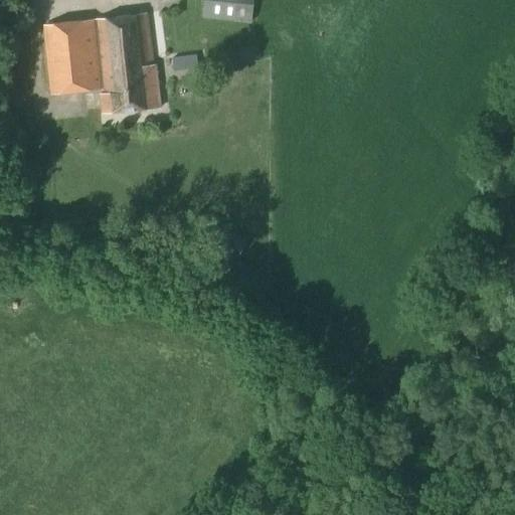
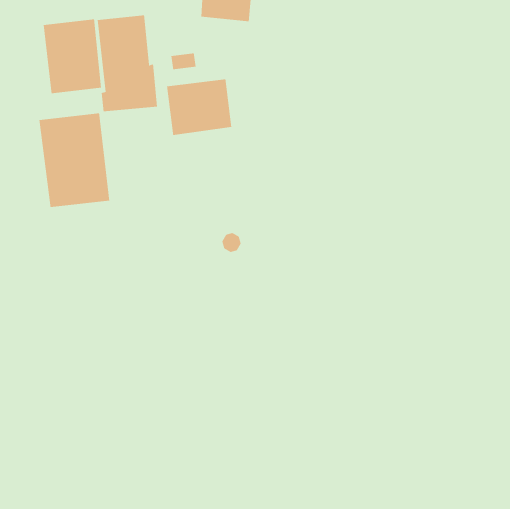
building: none -> [167,78,232,136]
building: none -> [39,113,110,208]

